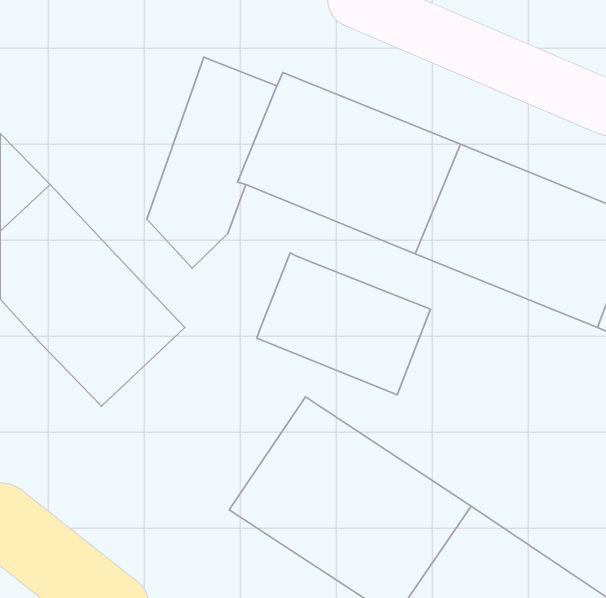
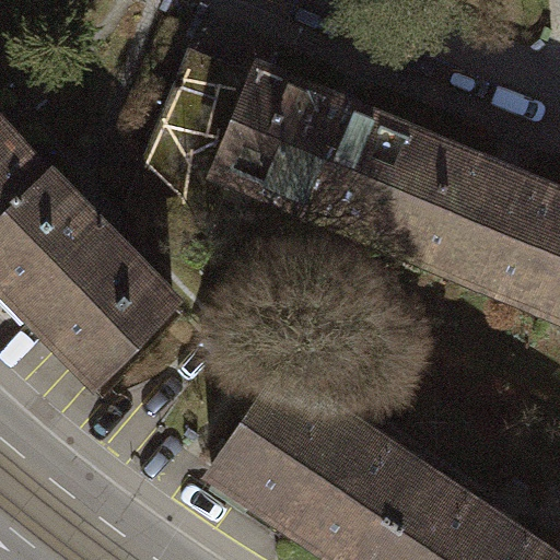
building: [257,253,431,395] -> none

